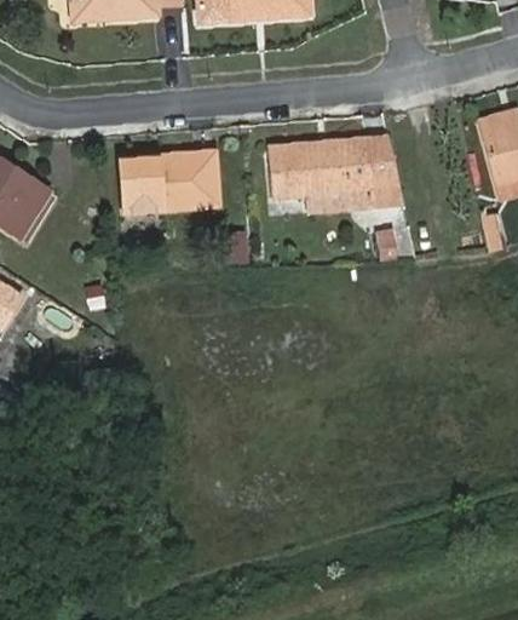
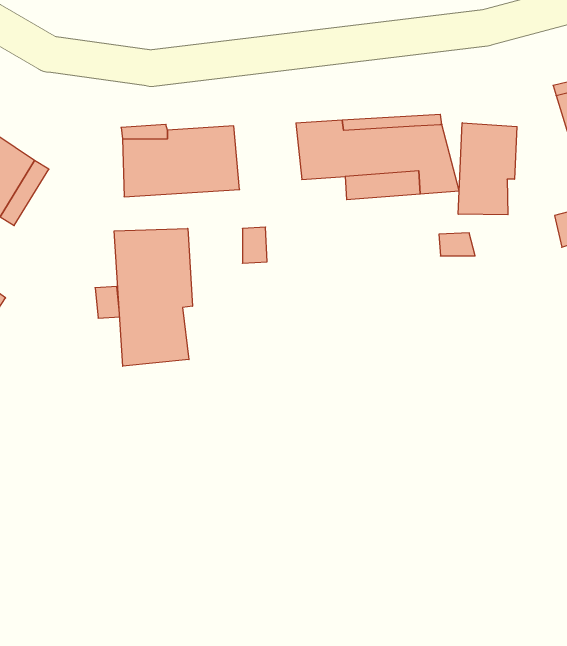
building: none -> [458,123,517,215]
building: none -> [114,228,192,366]

